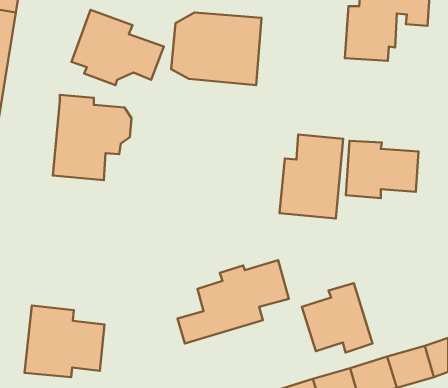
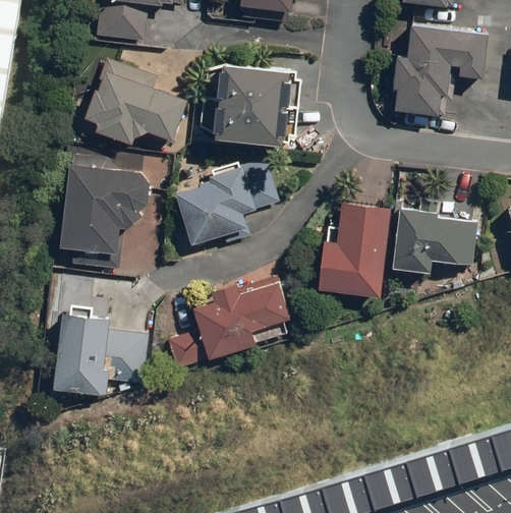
building: none -> [175,166,257,244]
building: [178,260,289,344] -> [163,275,289,369]
building: [302,283,373,352] -> none
building: [25,306,104,377] -> [53,314,144,395]

